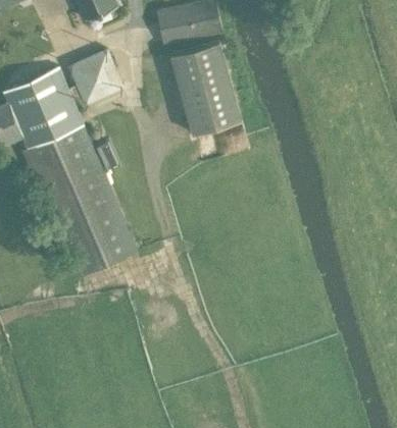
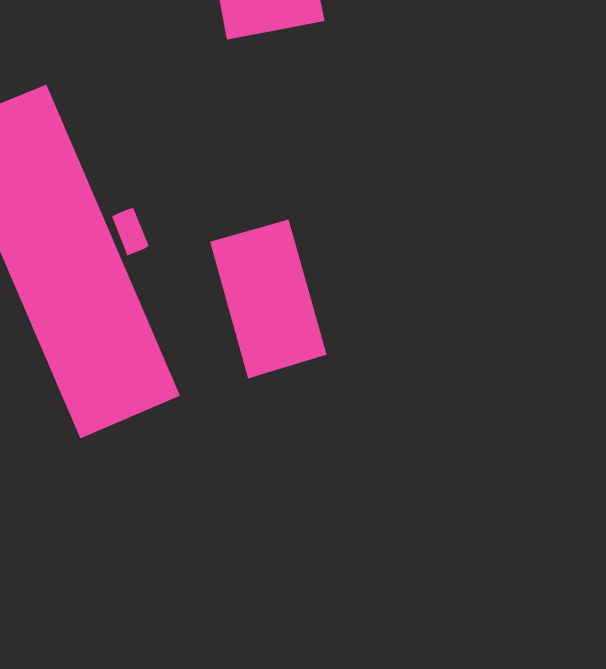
building: [171,41,241,135] -> [209,219,328,379]
building: [67,47,123,103] -> none

